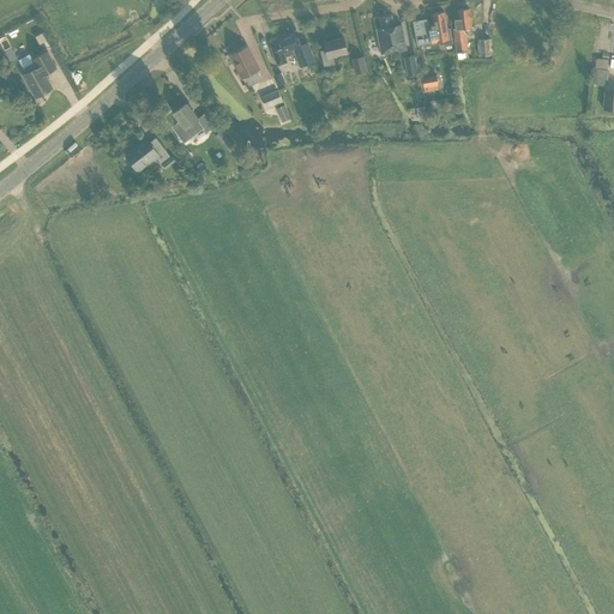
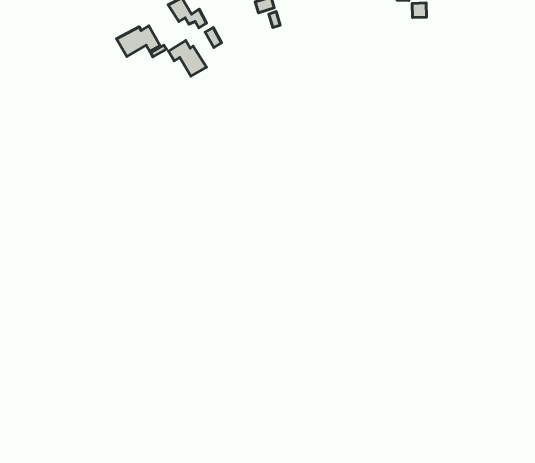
building: none -> [168,40,207,76]

